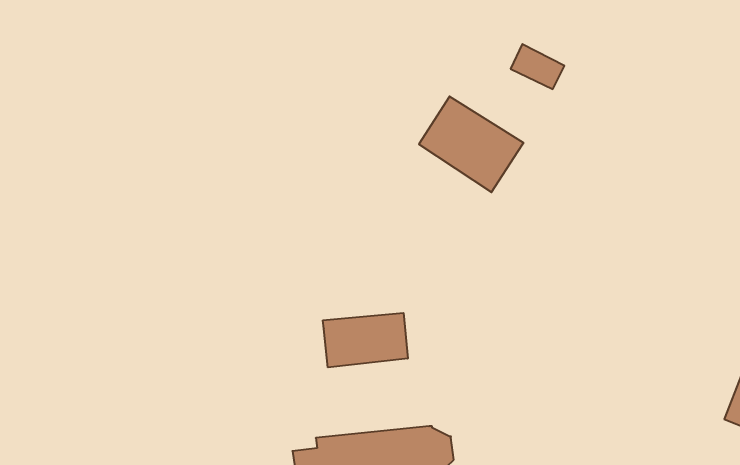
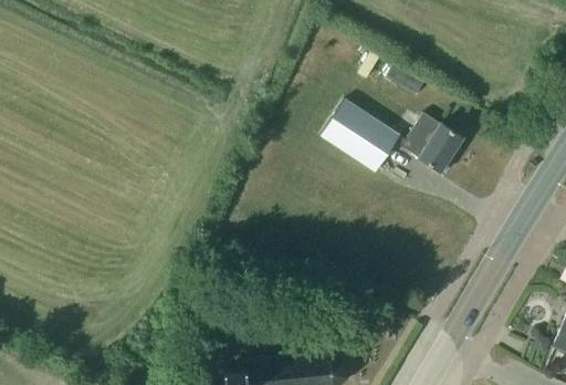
building: none -> [396,113,463,173]
building: [323,313,408,367] -> none

